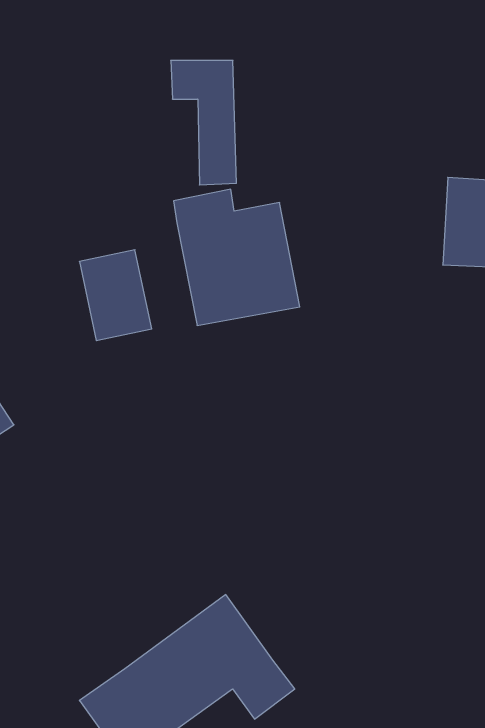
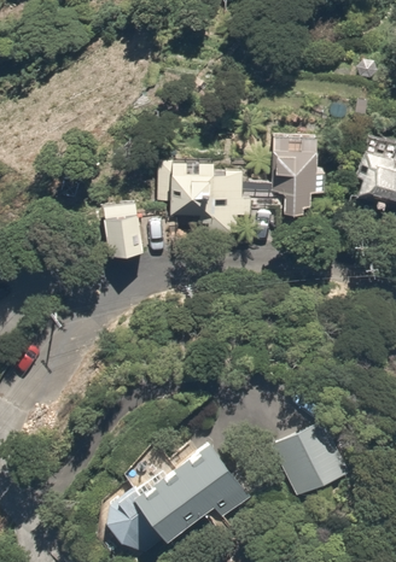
building: [171,60,236,185] -> [264,137,311,227]
building: none -> [273,425,332,490]

